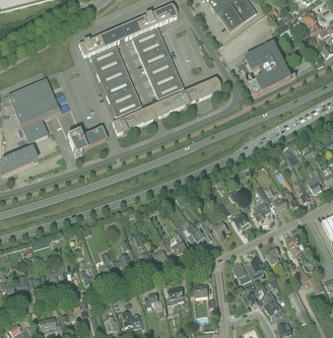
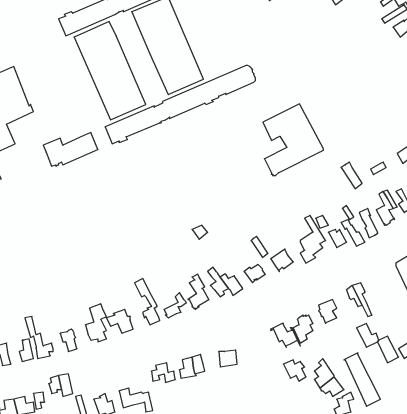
building: [247,44,290,95] -> [263,104,323,176]

